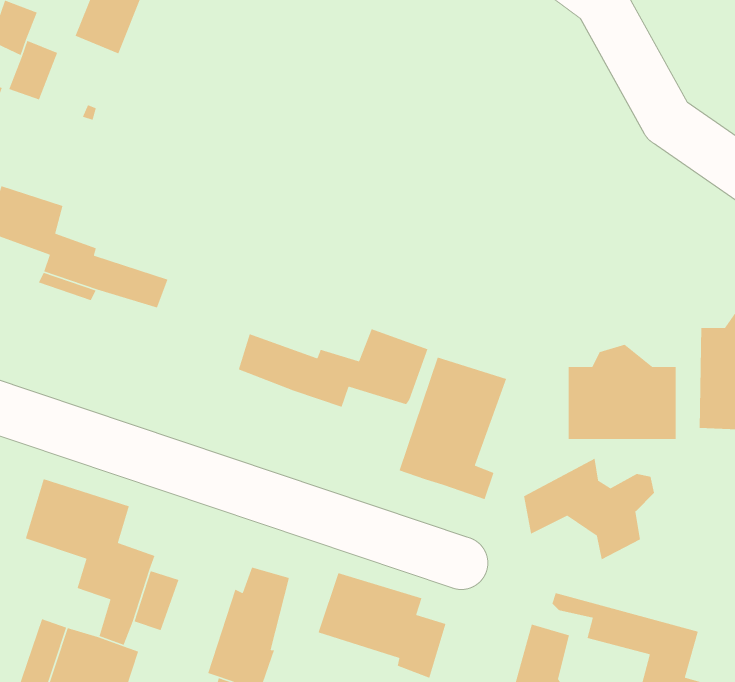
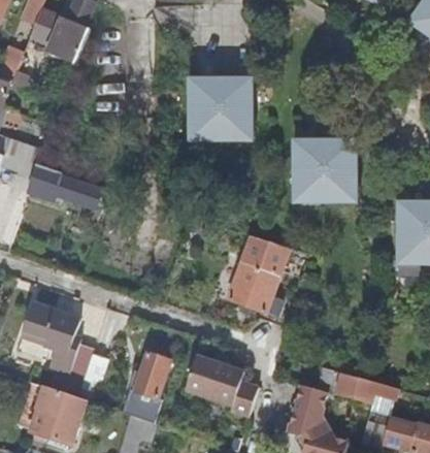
building: none -> [189,80,251,135]
building: [238,328,429,408] -> none
building: [568,344,677,440] -> [294,143,355,197]
building: [523,458,655,560] -> none

